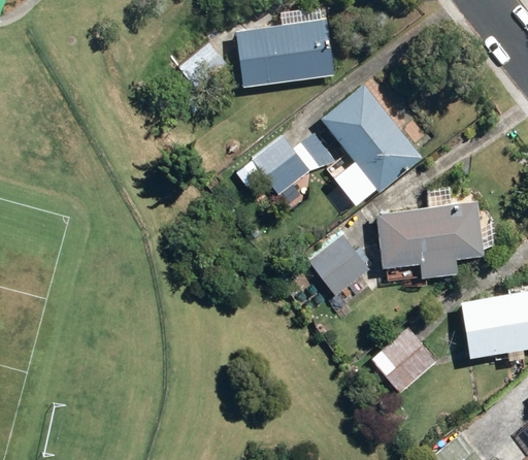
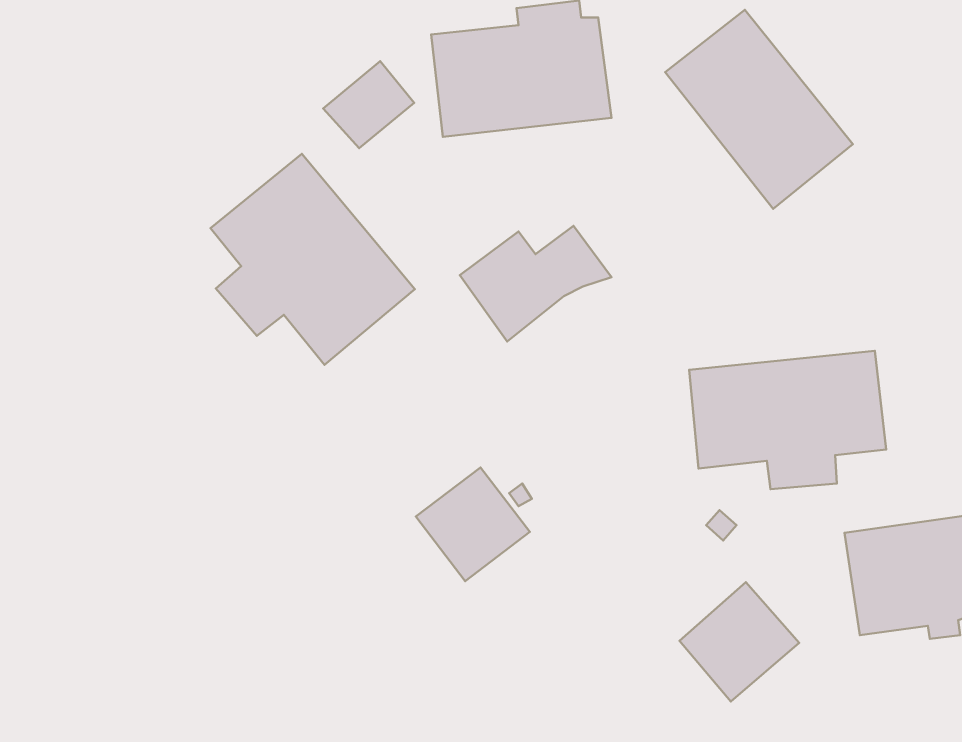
building: [320,85,422,193] -> [665,10,853,209]
building: none -> [210,154,415,365]
building: [307,236,369,298] -> [416,467,530,581]

